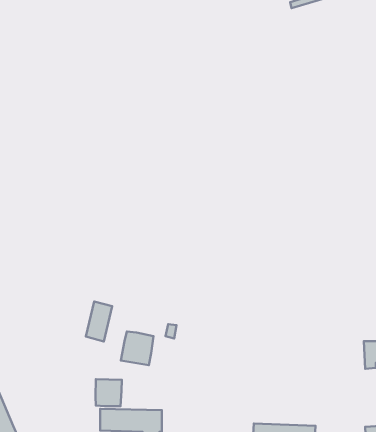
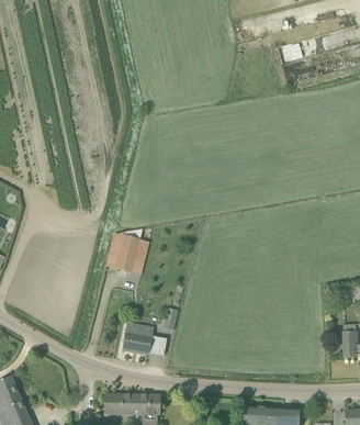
building: [86,301,112,341] -> [115,235,139,271]
building: [95,379,122,406] -> none

